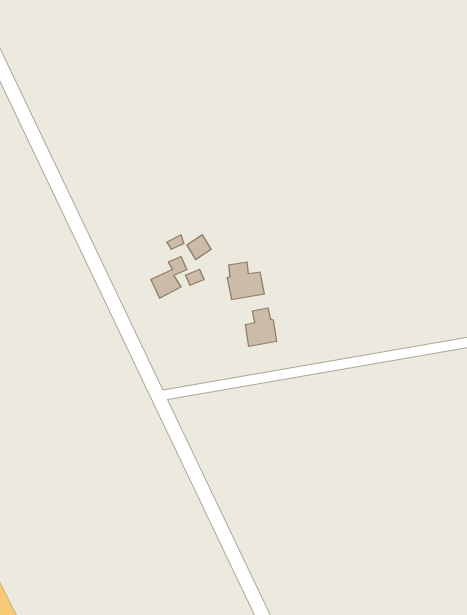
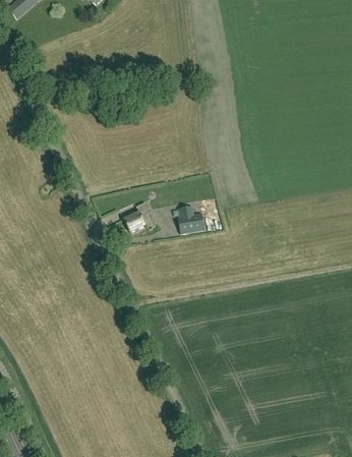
building: [245,308,276,346] -> none

